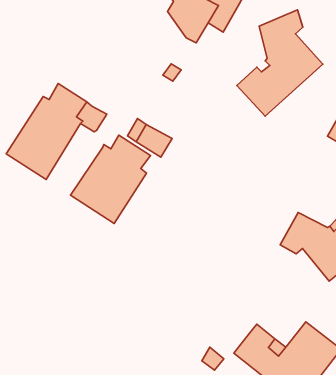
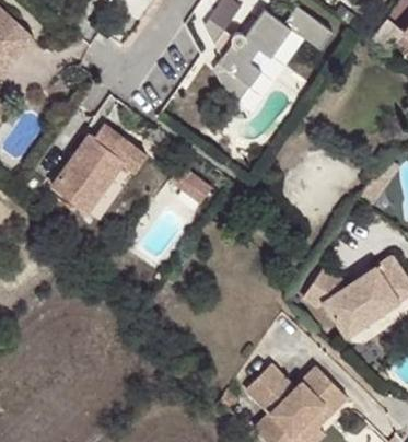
building: [237,10,323,116] -> none
building: [70,135,151,224] -> none

